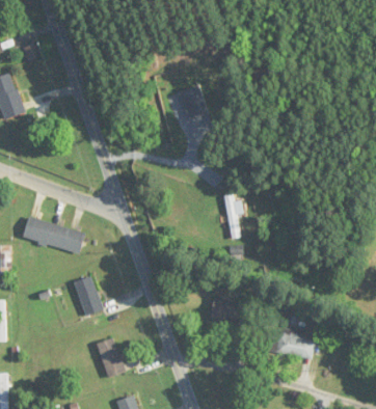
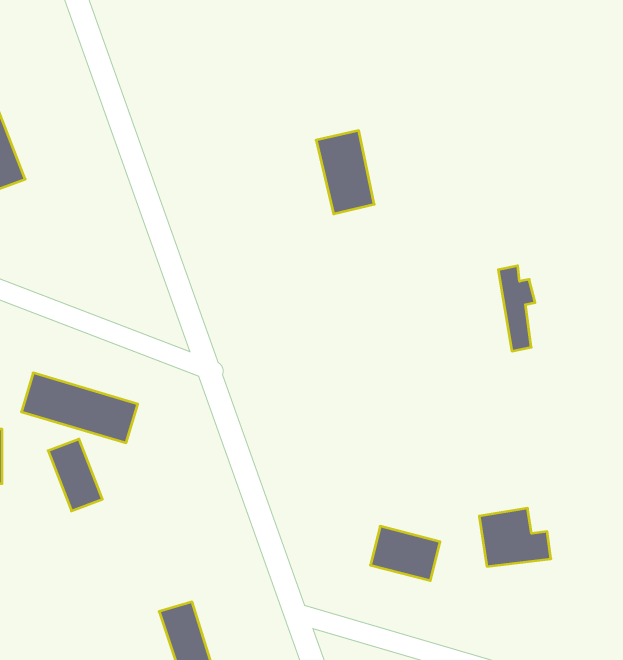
building: [223,194,243,240] -> [498,266,535,351]
building: [74,277,103,316] -> [48,439,102,511]
building: [276,327,315,358] -> [479,508,551,566]

